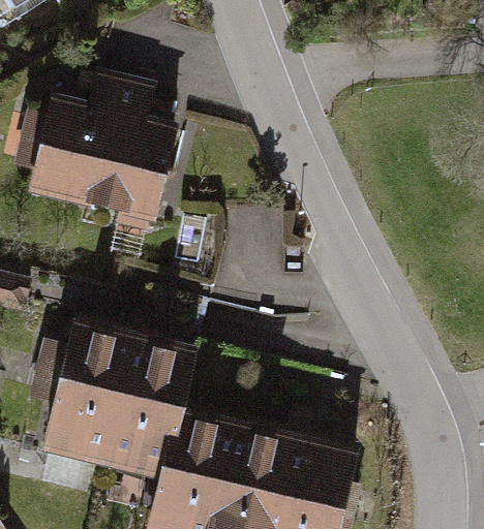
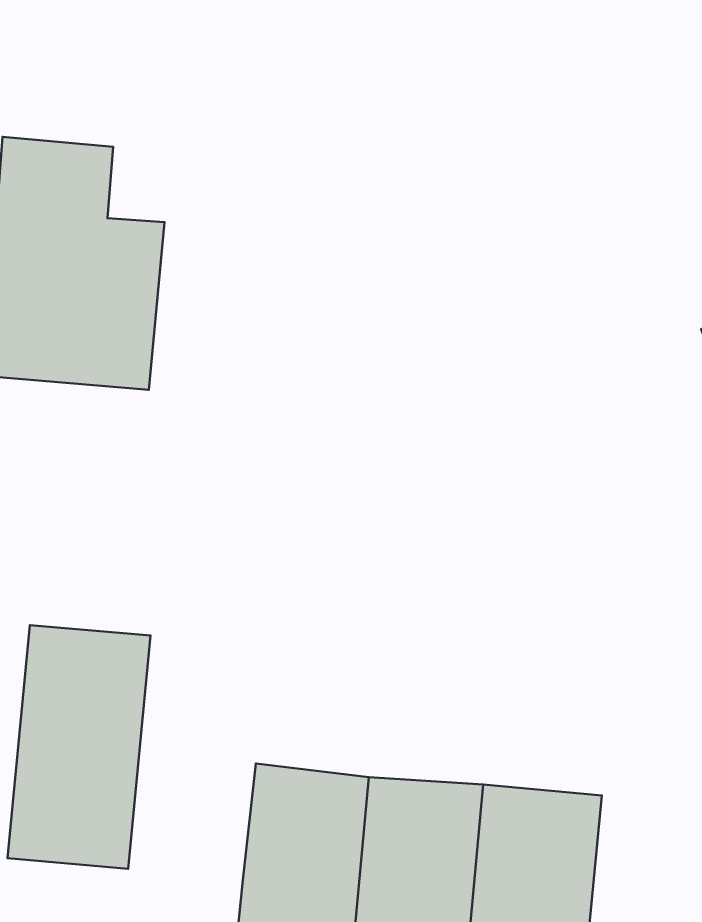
building: [105,340,193,472] -> none

